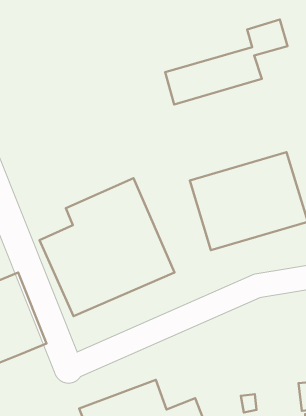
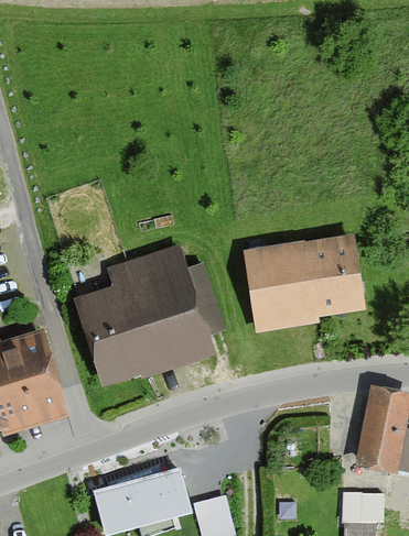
building: [165,19,287,105] -> none

